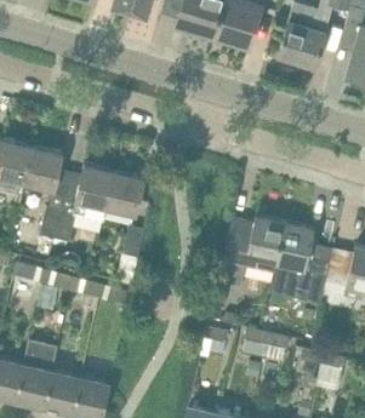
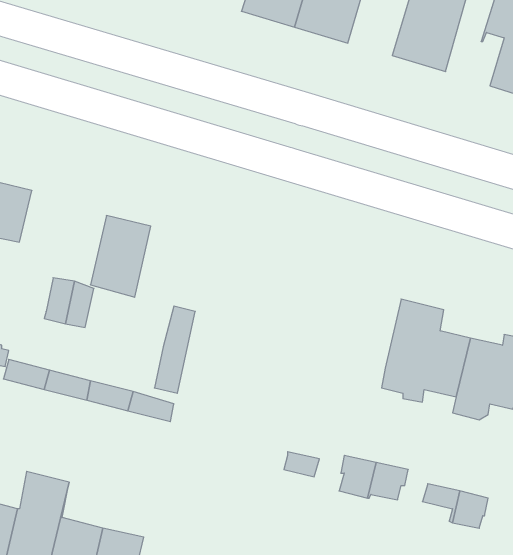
building: [24,148,63,190] -> none
building: [103,172,144,221] -> none
building: [218,216,285,287] -> none

